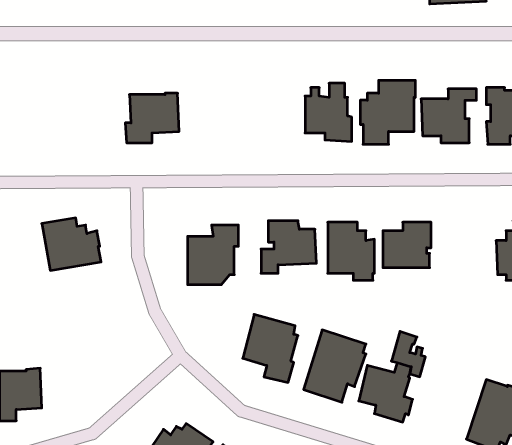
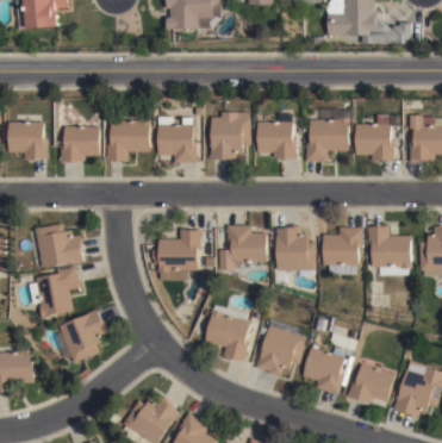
building: none -> [211,112,250,161]
building: none -> [157,116,197,162]
building: none -> [8,121,49,158]
building: none -> [60,126,100,162]
building: none -> [367,226,412,276]
building: none -> [29,267,81,318]
building: none -> [60,311,110,363]
building: none -> [348,364,397,404]

